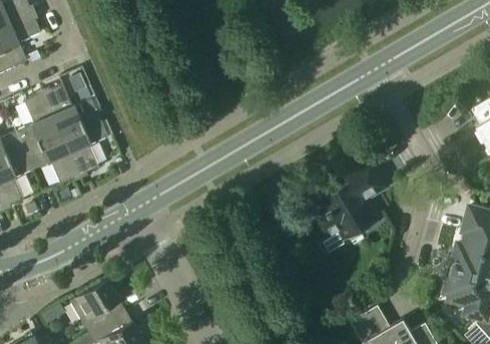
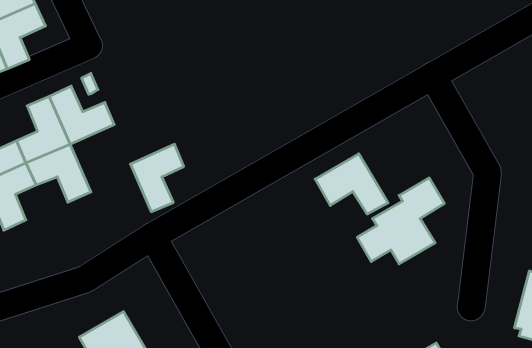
building: [61,116,107,175] -> [130,144,184,212]
building: none -> [315,154,388,214]

